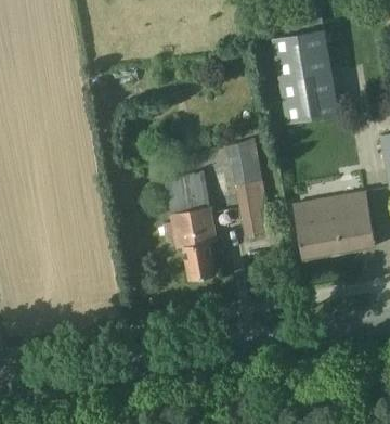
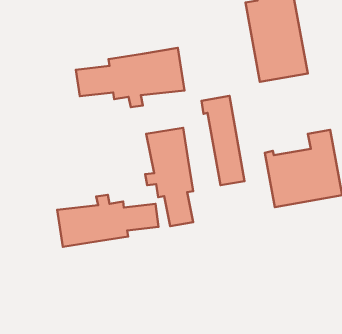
building: none -> [76,48,184,107]
building: none -> [57,195,159,247]

